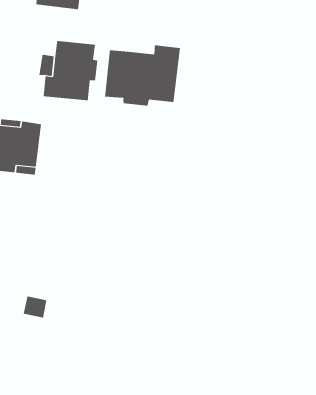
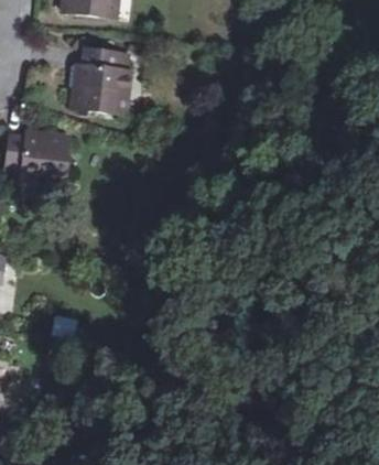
building: [104,45,180,106] -> none

